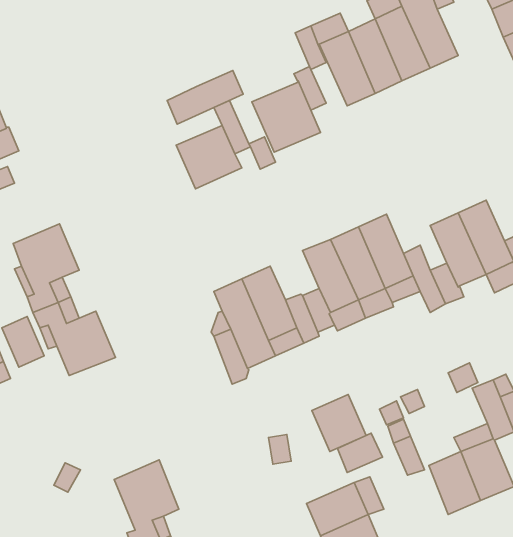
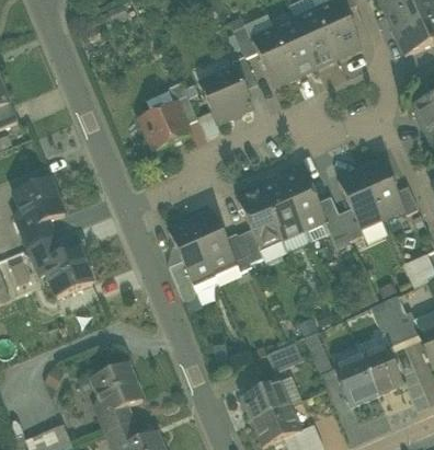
building: [167,70,243,124] -> none
building: [312,395,366,451] -> none

